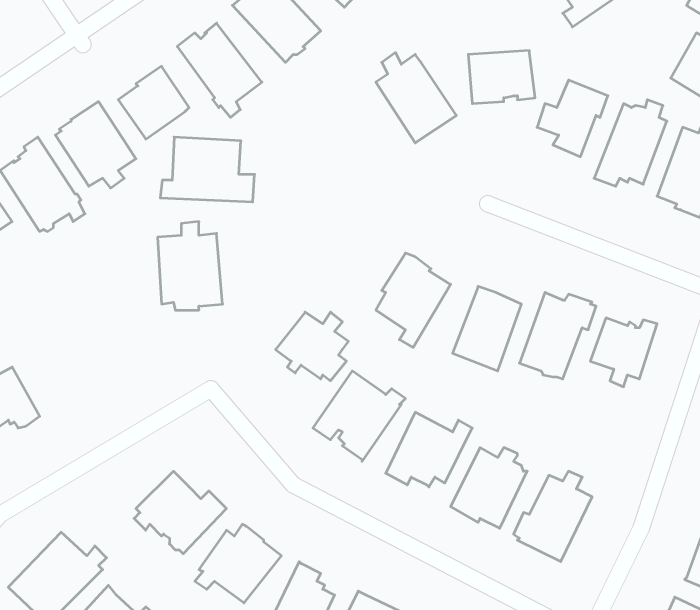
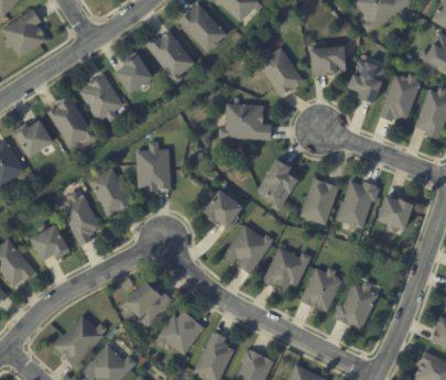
building: [160,137,255,202] -> [219,102,272,139]
building: none -> [87,169,130,217]
building: none -> [58,191,100,247]

